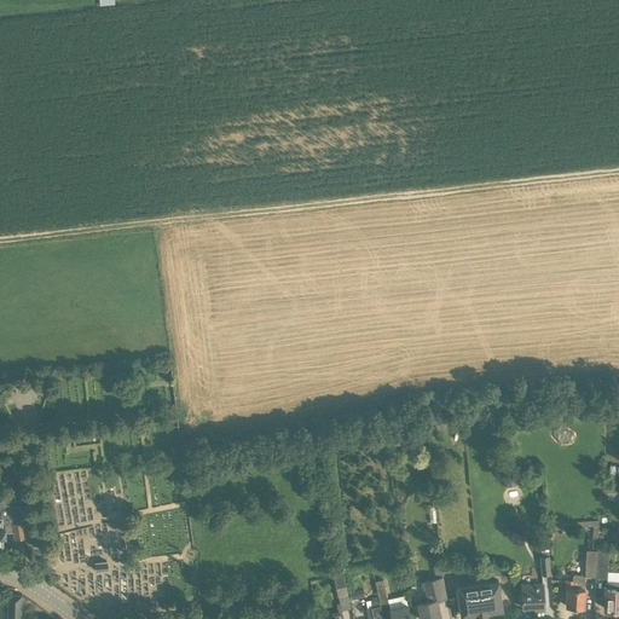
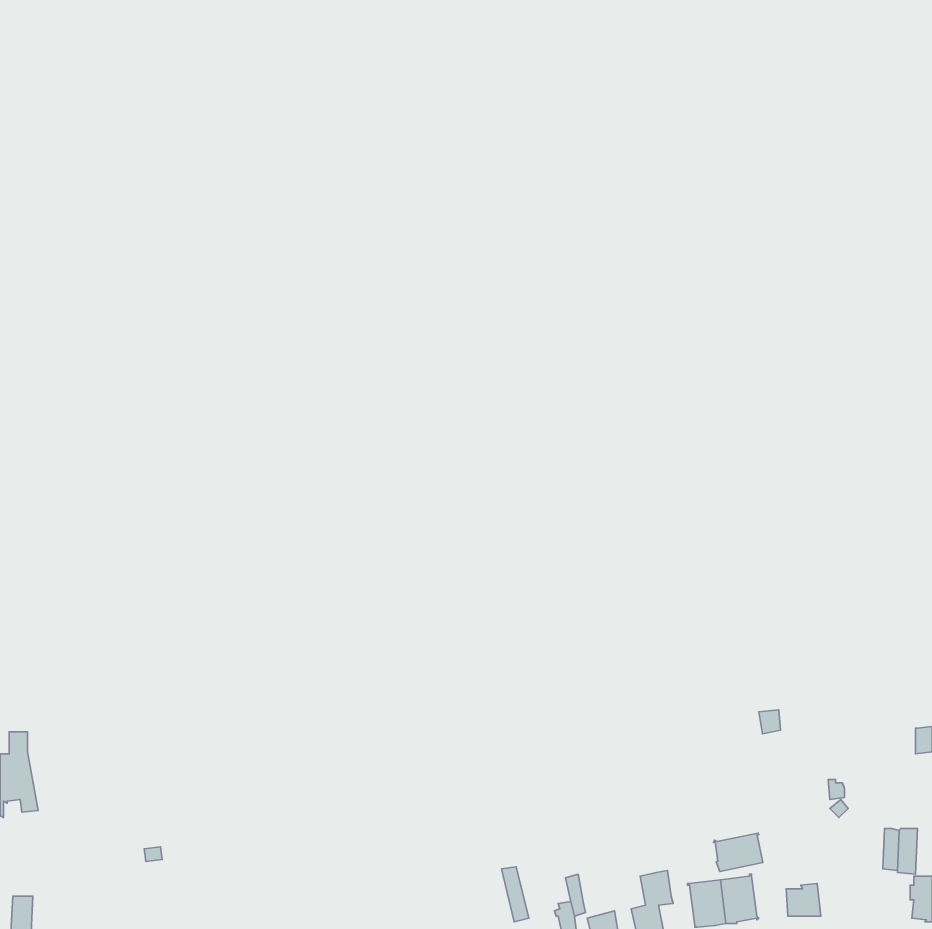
building: none -> [713,833,763,872]
building: [565,577,585,612] -> none

